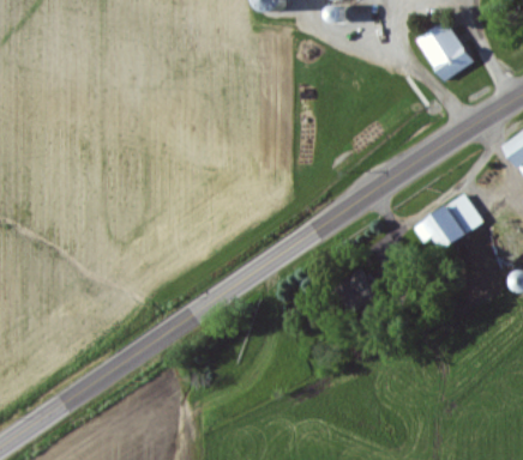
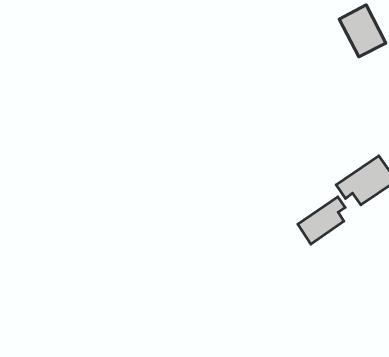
building: none -> [298,197,345,244]

